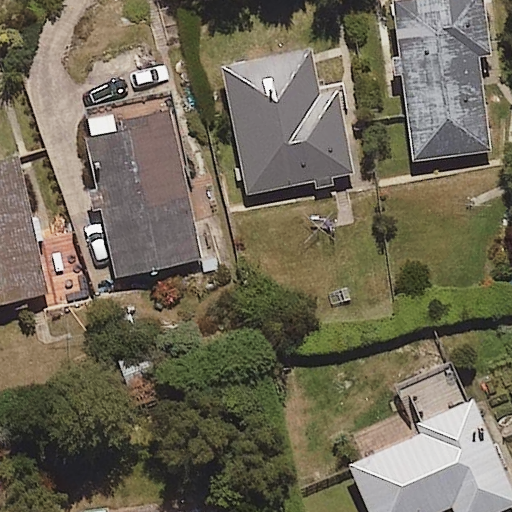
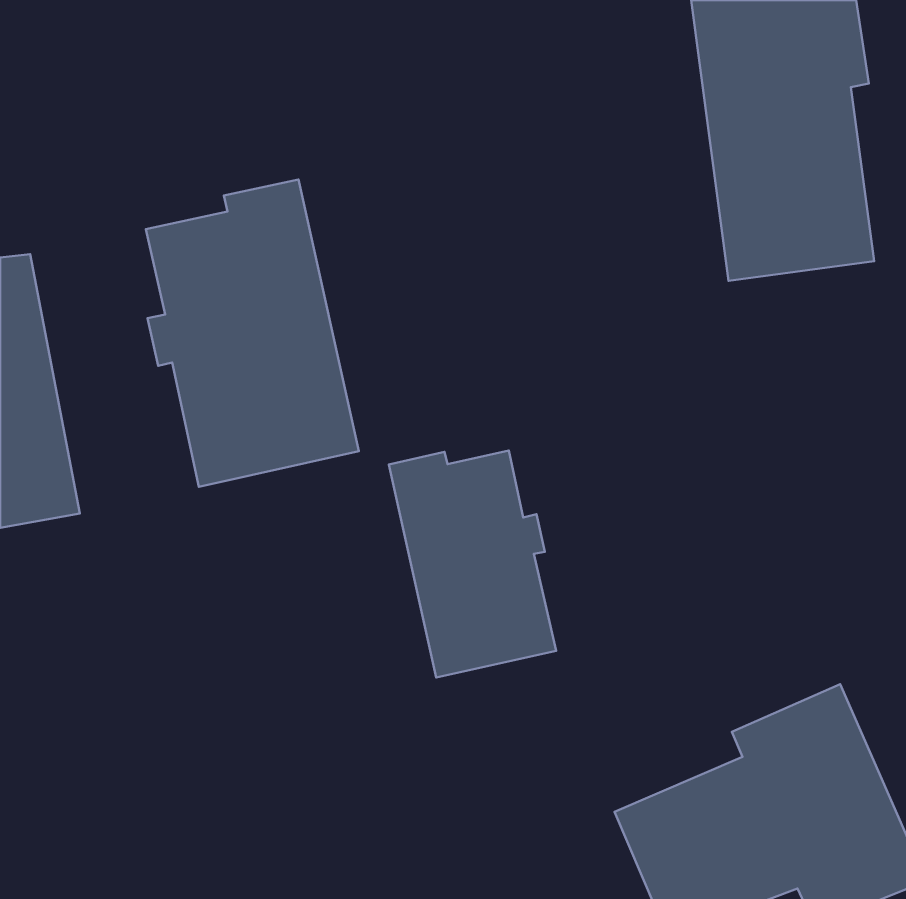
building: [220,44,360,195] -> none
building: none -> [389,450,556,678]

